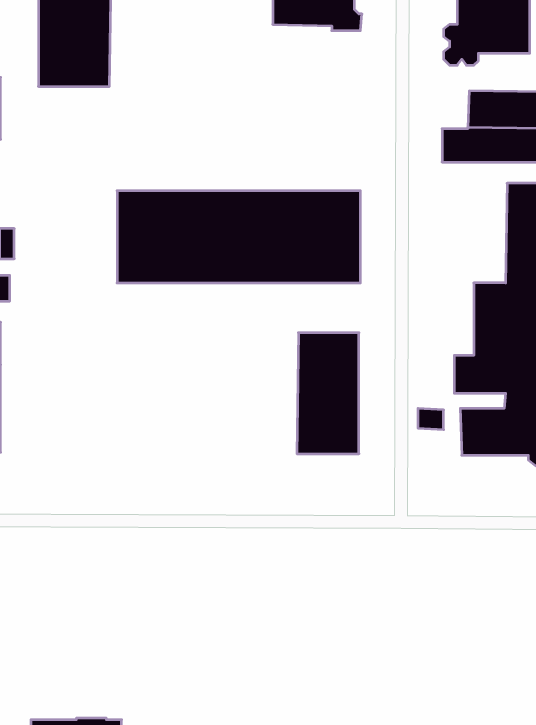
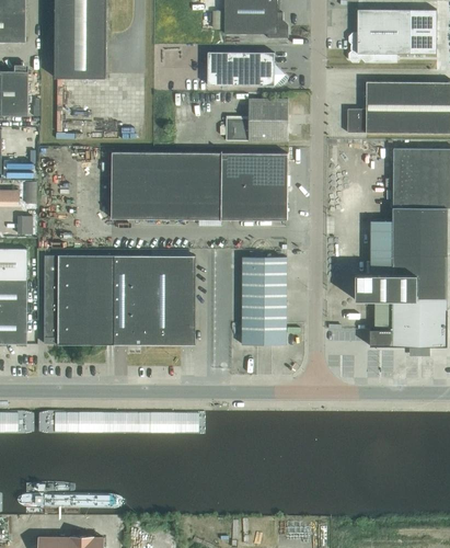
building: none -> [208,52,288,87]
building: none -> [227,99,288,140]
building: none -> [44,253,195,343]

